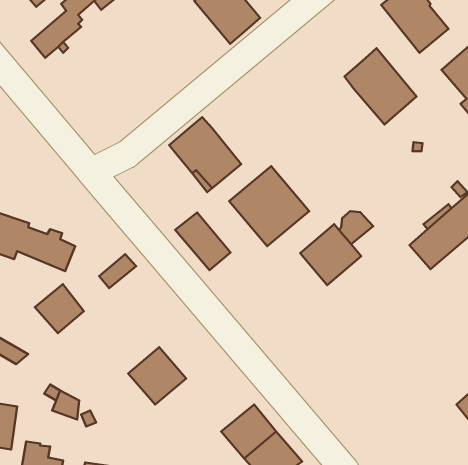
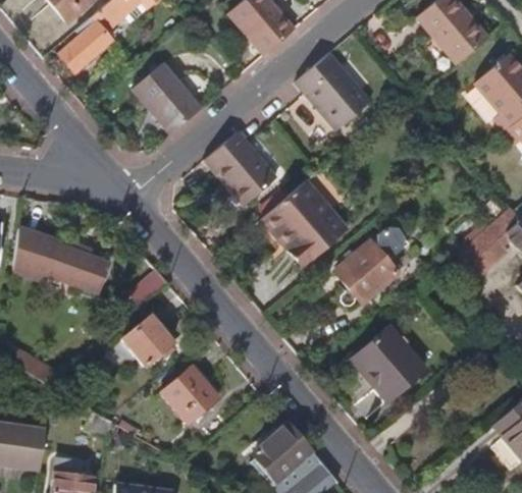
building: [344,48,417,124] -> [296,52,369,129]
building: none -> [130,65,202,139]
building: [175,212,230,270] -> none
building: [35,284,84,333] -> [125,312,175,362]
building: none -> [354,328,423,401]

